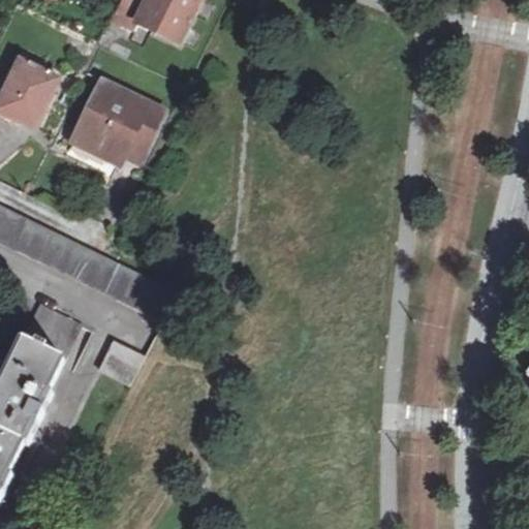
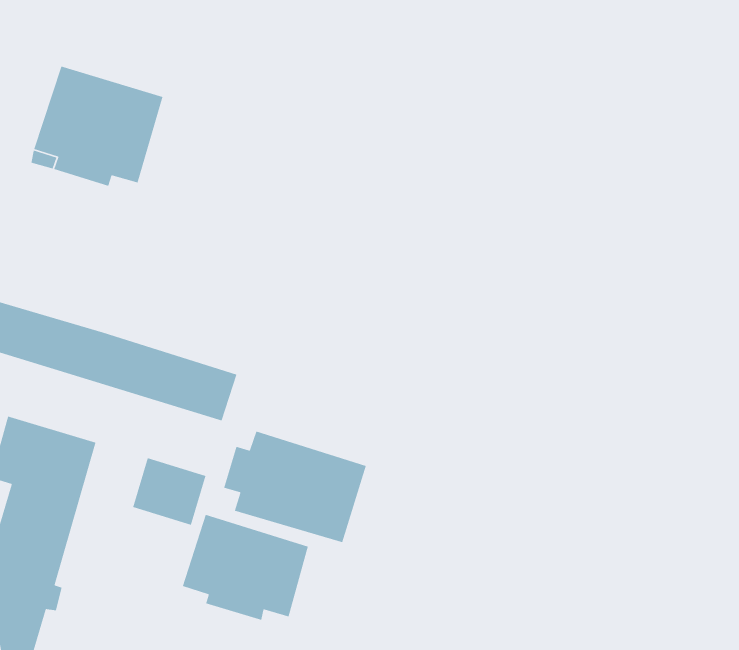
building: none -> [223,431,367,543]
building: none -> [182,514,309,621]

